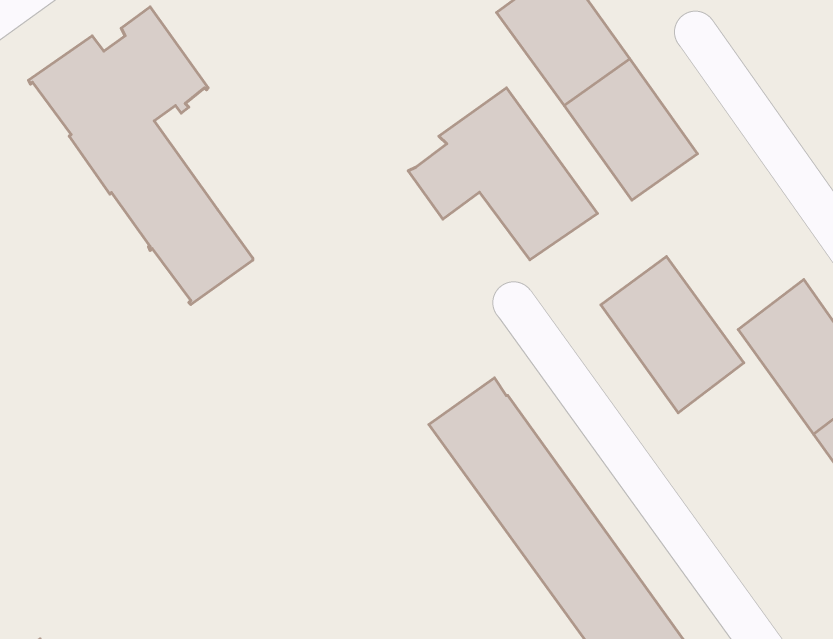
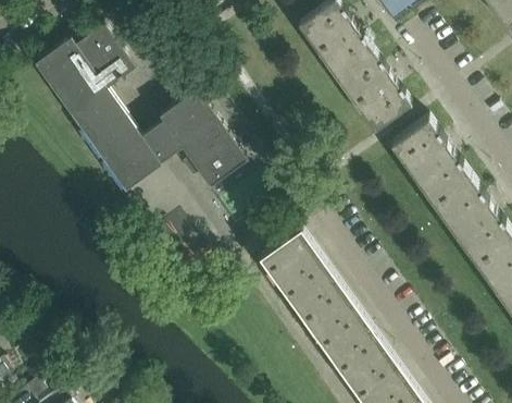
building: [408,88,597,260] -> [140,89,247,186]
building: [601,256,744,413] -> [389,115,470,204]

